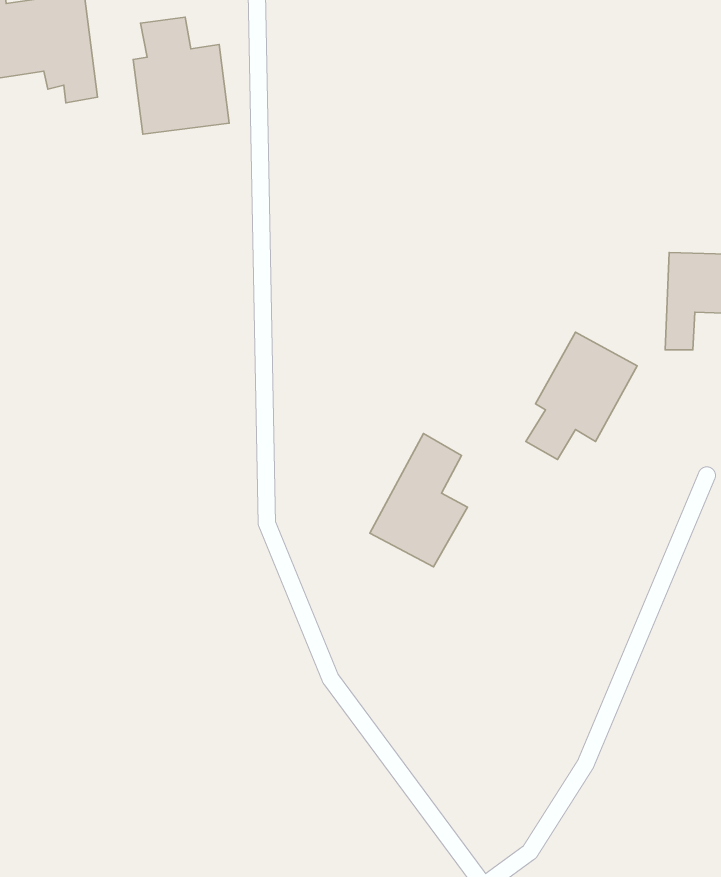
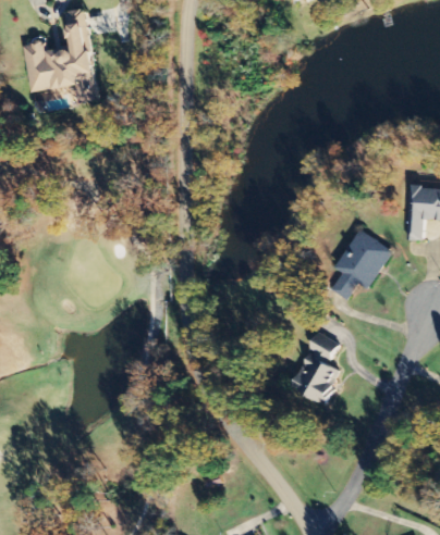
building: [133,17,229,134] -> none
building: [370,433,467,567] -> [289,332,342,405]

